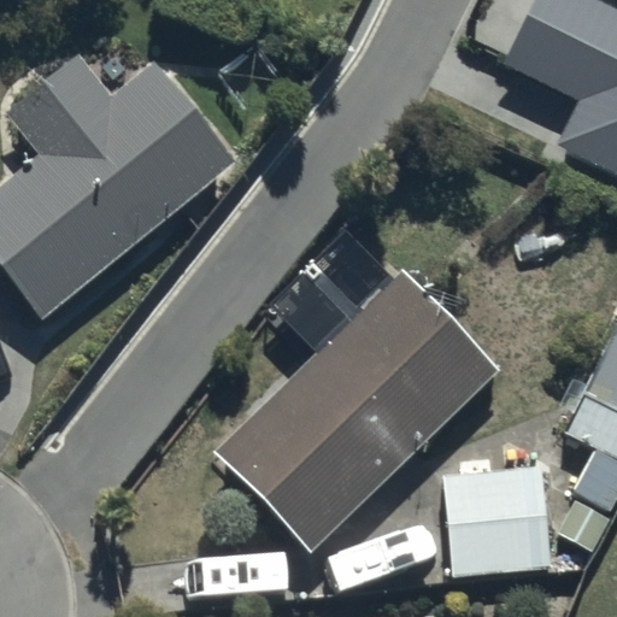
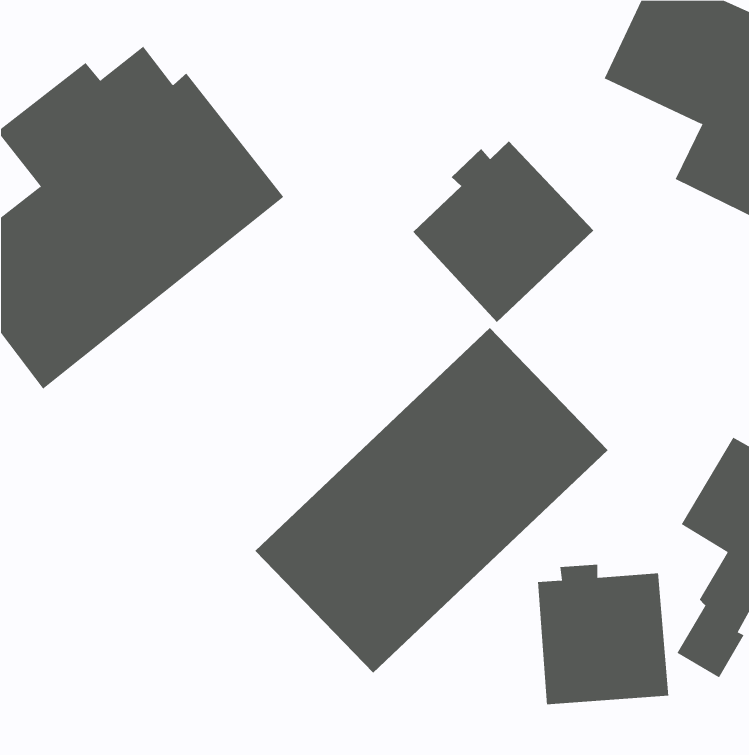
building: none -> [412,140,594,323]

